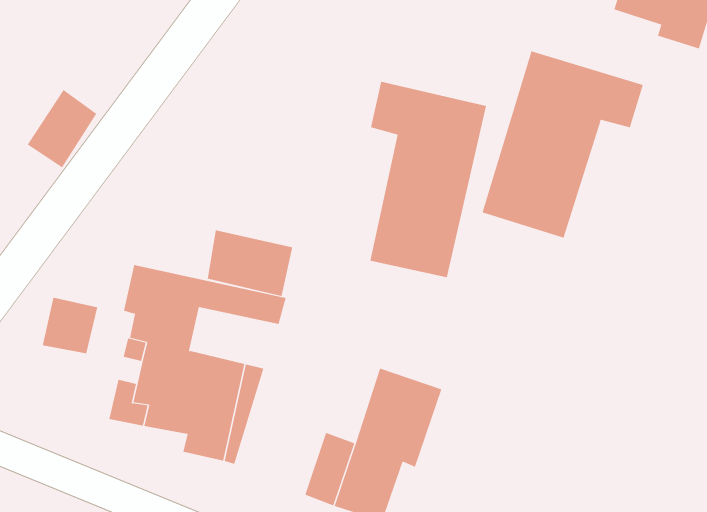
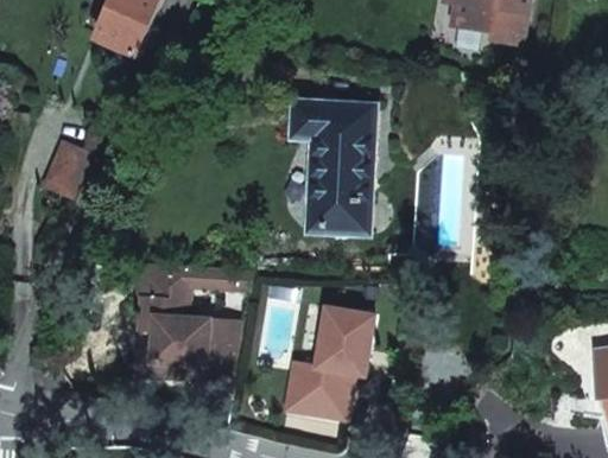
building: [482,50,644,239] -> none
building: [207,230,293,297] -> none
building: [42,297,98,354] -> none

